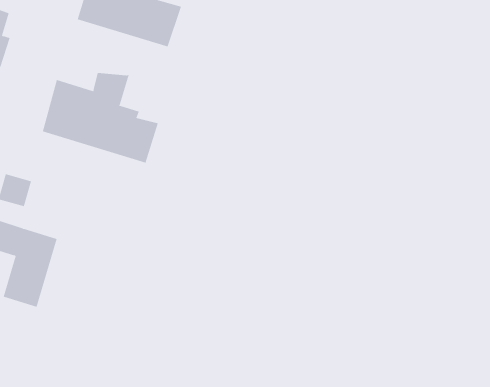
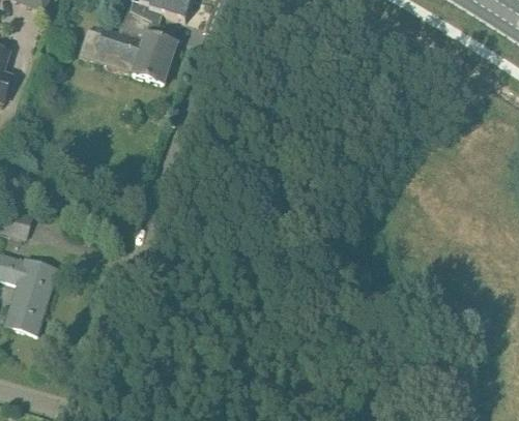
building: [42,72,158,163] -> none

